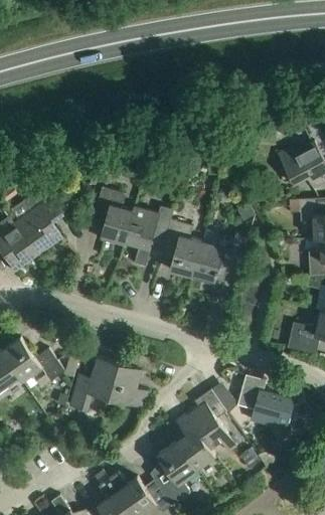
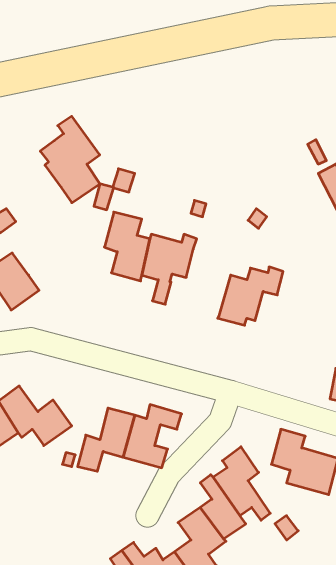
building: [10,180,61,254] -> [40,116,100,203]
building: [164,219,202,277] -> none

